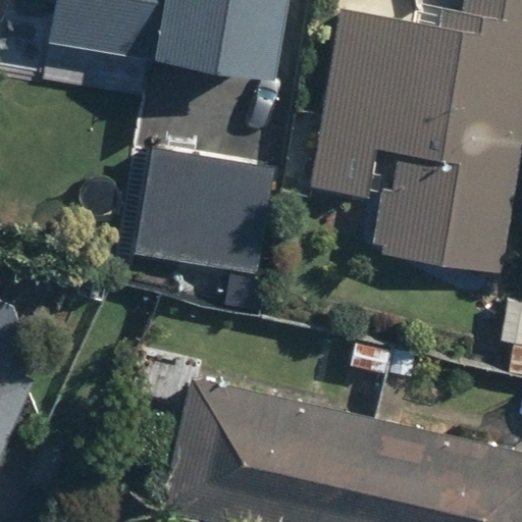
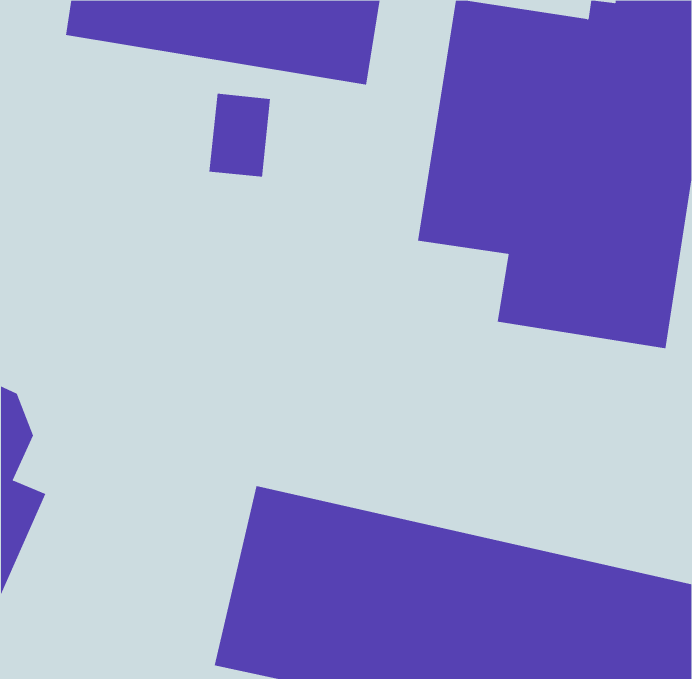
building: [136,148,274,273] -> none

